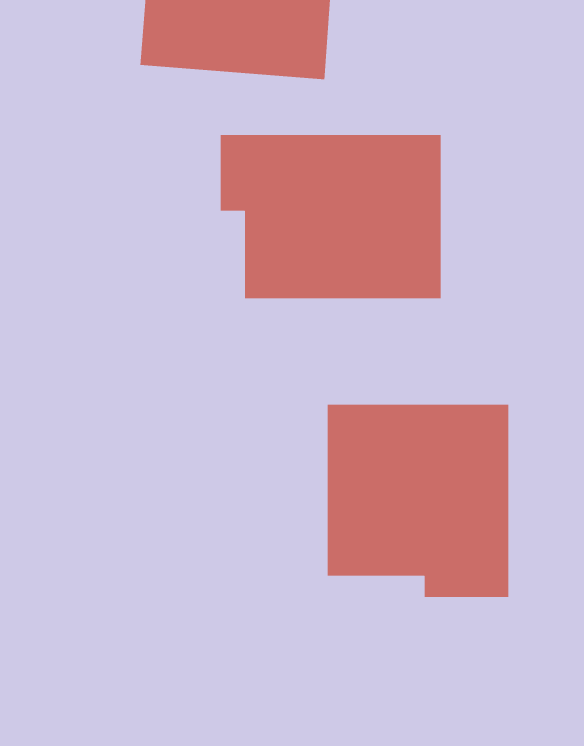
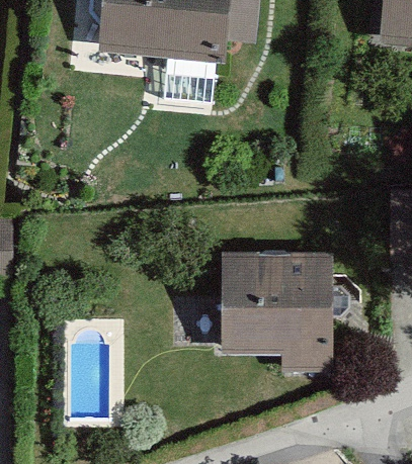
building: [220,134,441,299] -> none

